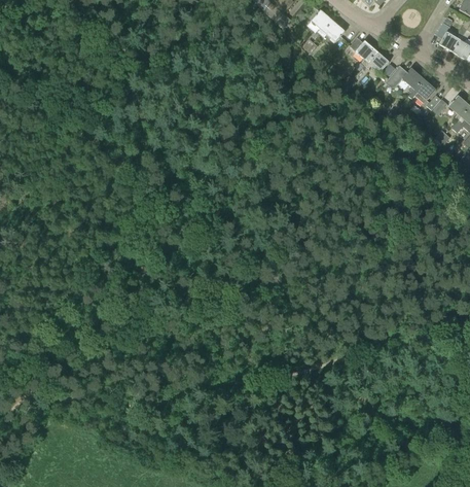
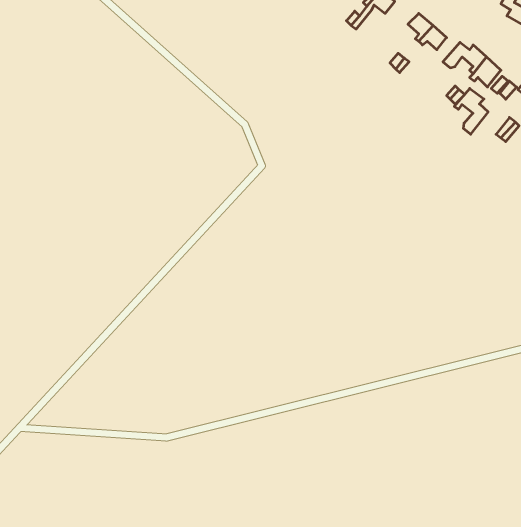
building: none -> [454,88,488,134]

